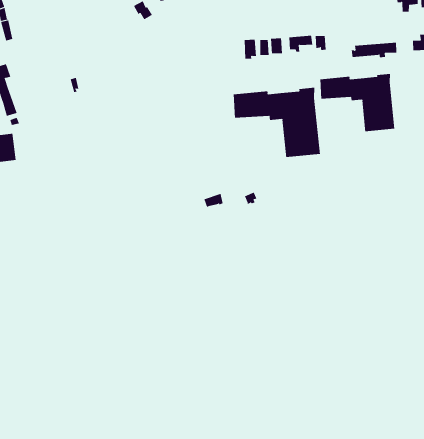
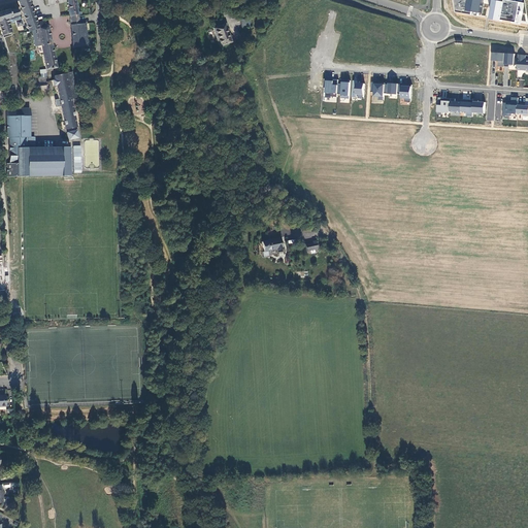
building: [320,73,395,132] -> none
building: [233,87,320,158] -> none

